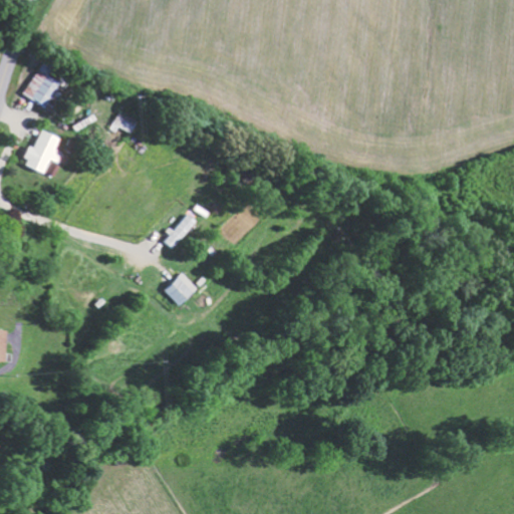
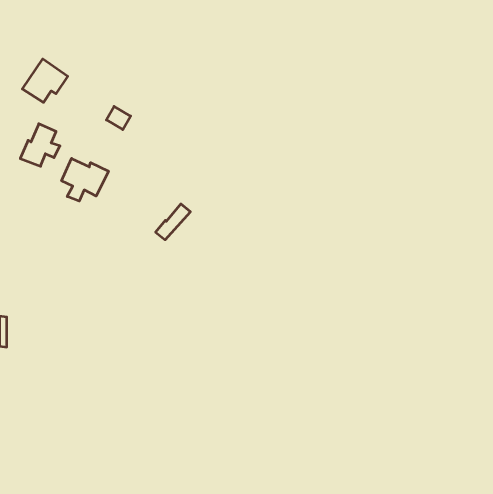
building: none -> [62,158,108,201]
building: [165,273,198,305] -> none

